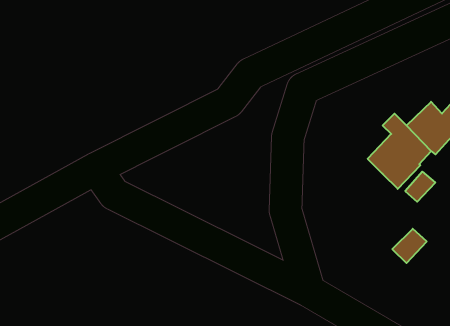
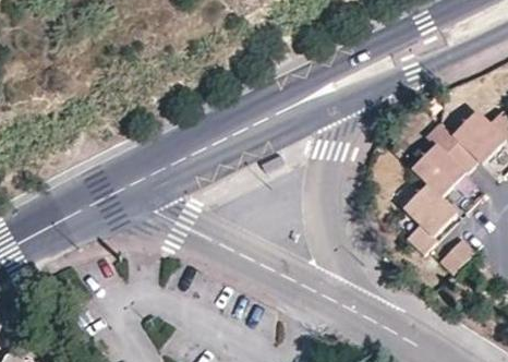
building: none -> [403,186,456,257]

